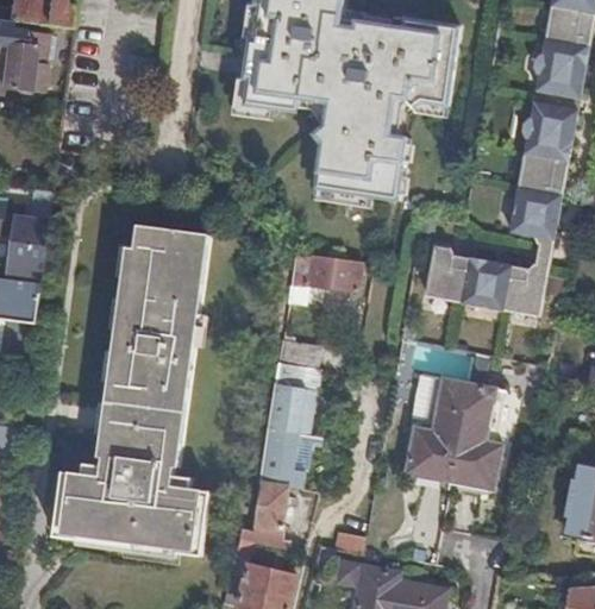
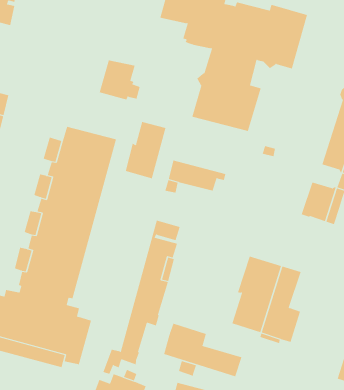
building: [245,57,302,111] -> [99,60,140,100]
building: none -> [125,121,166,179]
building: [420,245,494,308] -> none
building: none -> [163,323,242,377]

